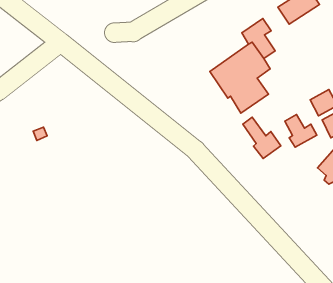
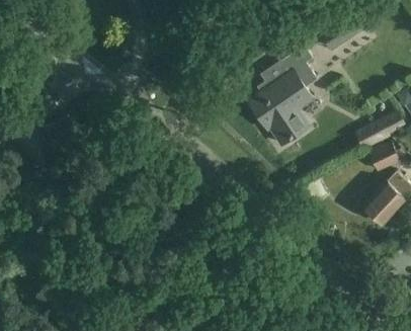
building: [285,114,317,147] -> none
building: [243,117,281,158] -> none

